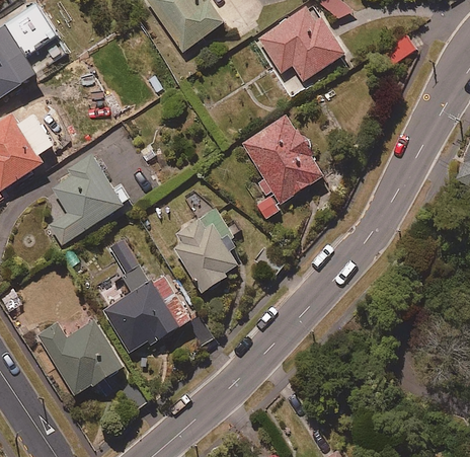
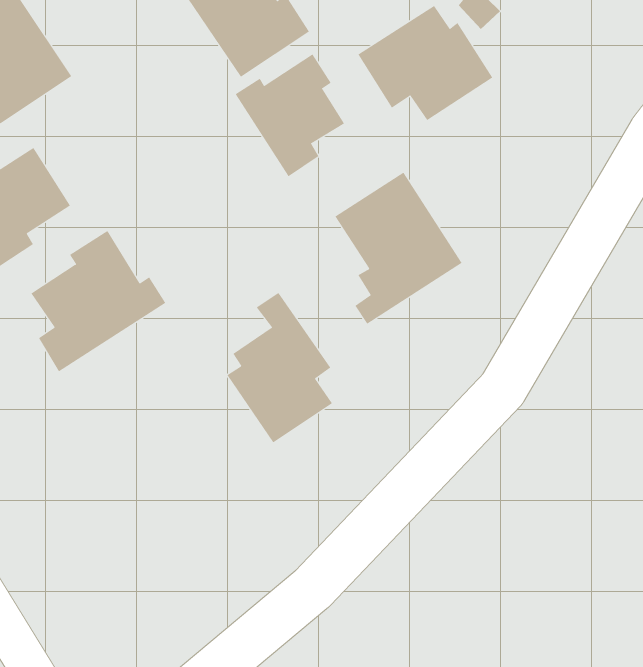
building: none -> [235,53,345,177]
building: [91,237,191,353] -> none
building: [35,319,124,397] -> none

